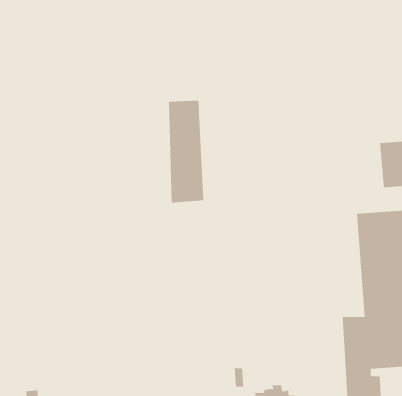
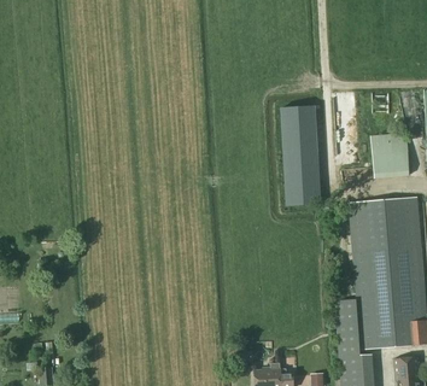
building: [168,100,204,203] -> [281,107,315,204]

